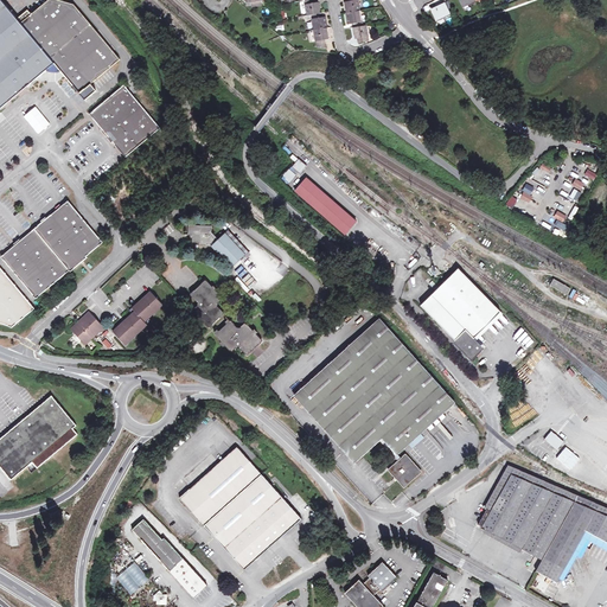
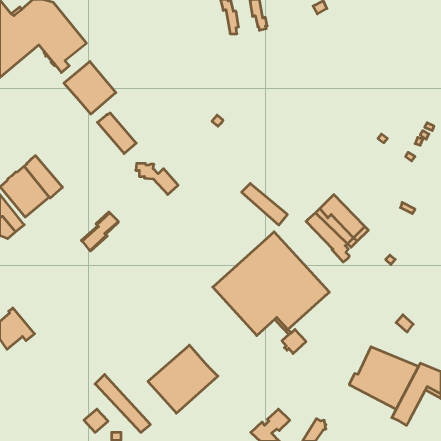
building: [293,178,356,235] -> [242,183,287,225]
building: [49,200,102,256] -> [97,113,136,154]
building: [189,279,223,327] -> none
building: [70,312,104,343] -> none
building: [213,320,262,354] -> none
building: [18,396,76,458] -> none
building: [177,445,260,523] -> none
building: [486,471,576,513] -> none

